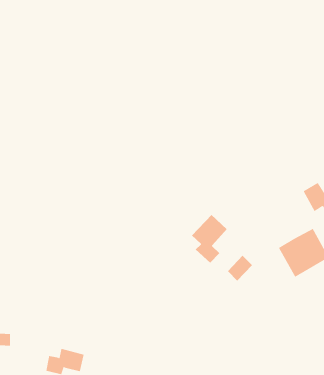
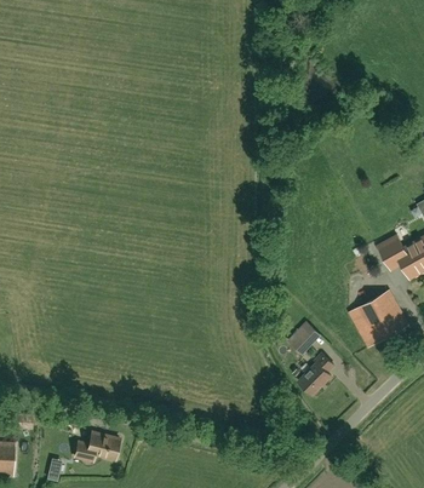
building: [191,214,228,264] -> none
building: none -> [298,354,333,395]

